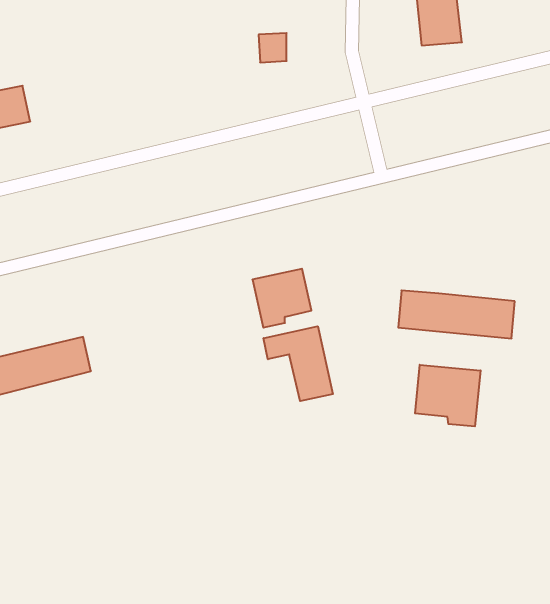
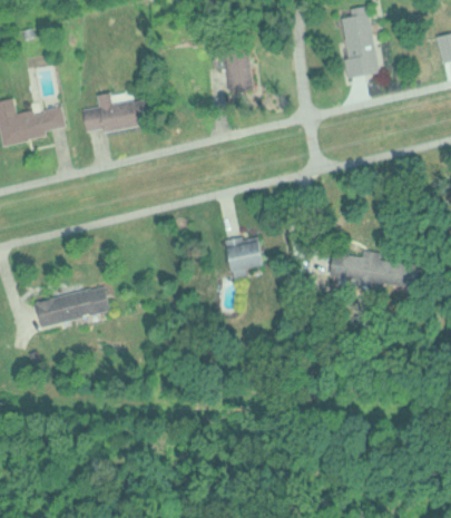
building: none -> [81,91,147,130]
building: [264,326,333,401] -> none
building: [415,365,481,426] -> none

